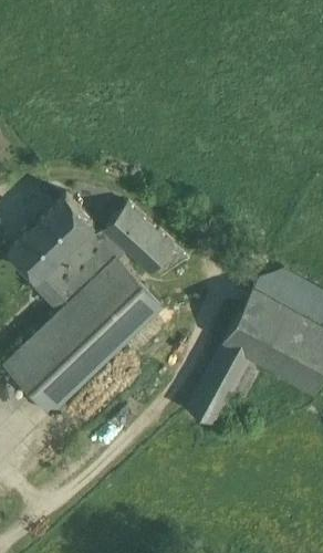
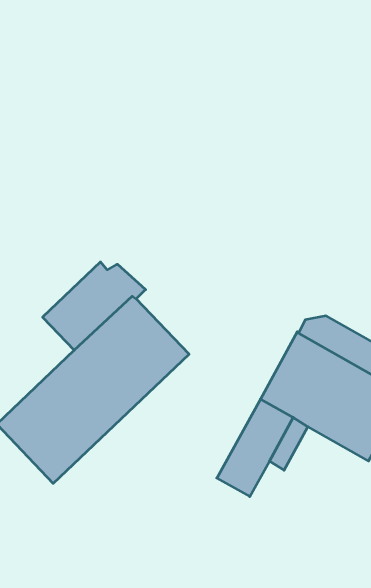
building: [10,195,94,278] -> none
building: [104,205,175,273] -> none

